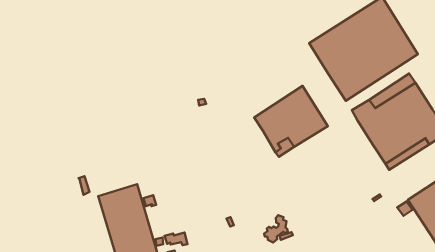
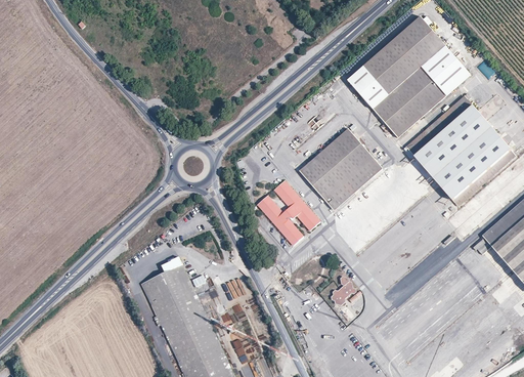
building: none -> [257,180,320,245]

